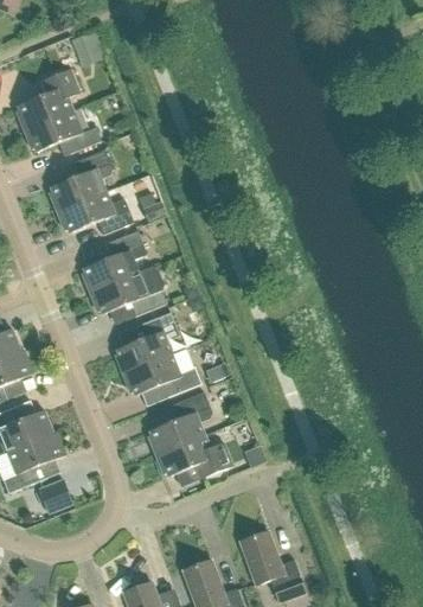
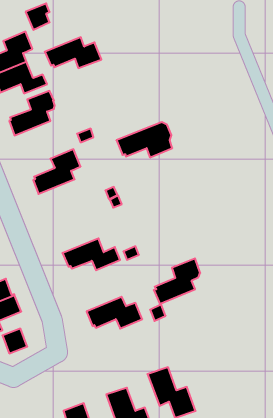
building: [56,191,134,234] -> [45,37,101,68]
building: [89,267,166,315] -> [116,122,172,157]
building: [114,312,180,373] -> none
building: [147,391,211,454] -> [154,258,200,304]

